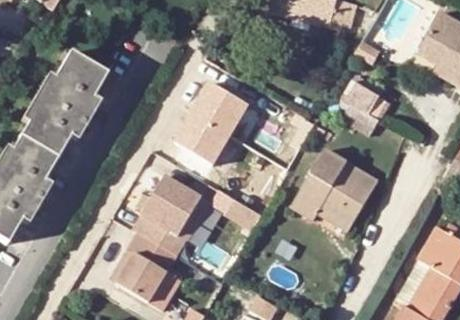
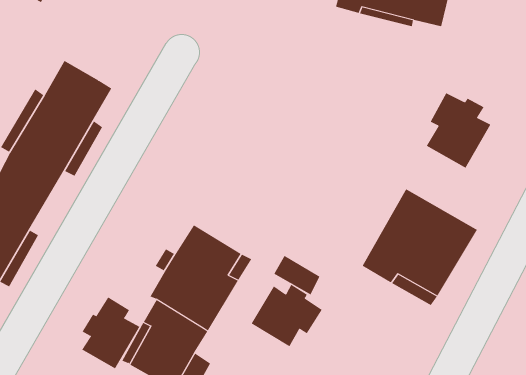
building: [169,78,250,165] -> none
building: none -> [251,284,322,347]
building: none -> [82,297,140,369]

